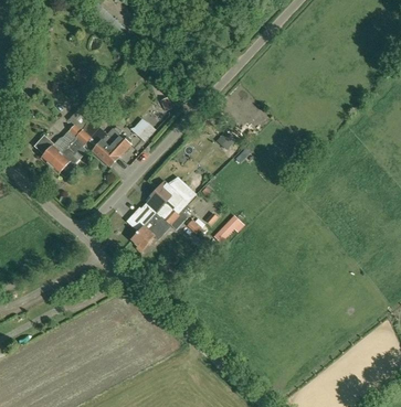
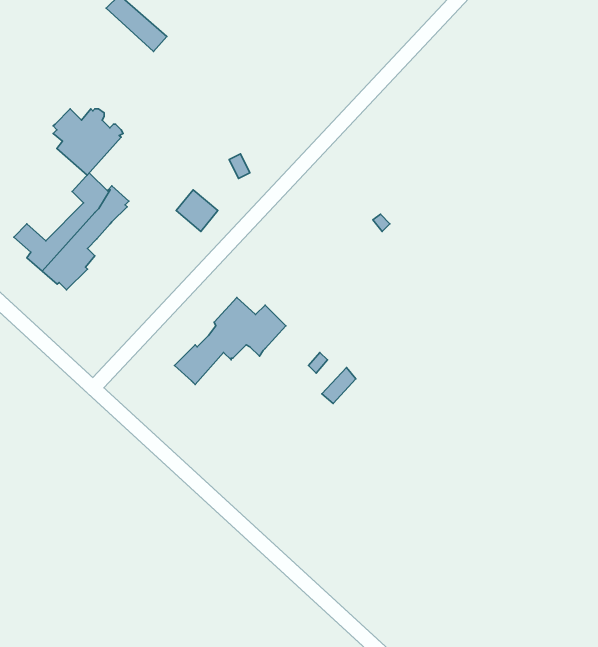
building: [91,128,131,167] -> [53,109,123,175]
building: [131,208,188,249] -> none

